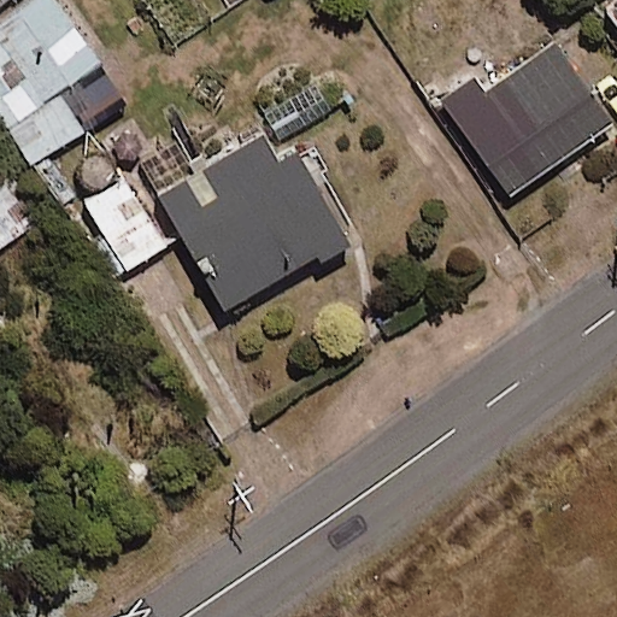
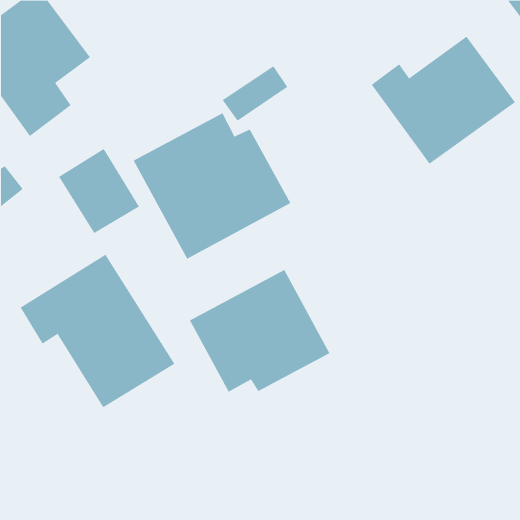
building: none -> [20,254,175,408]
building: none -> [189,269,330,393]

